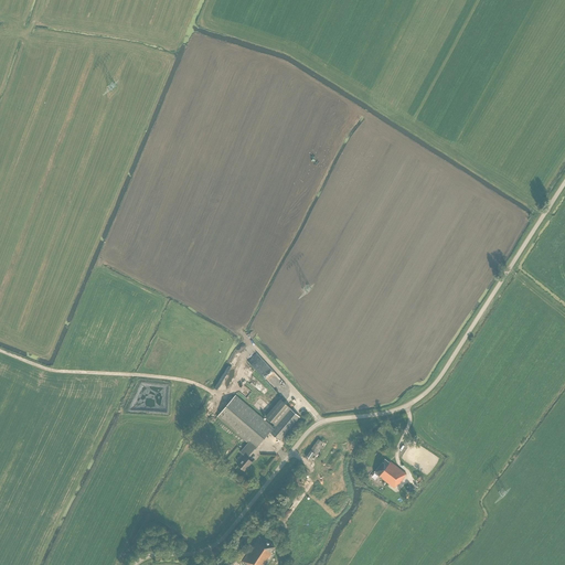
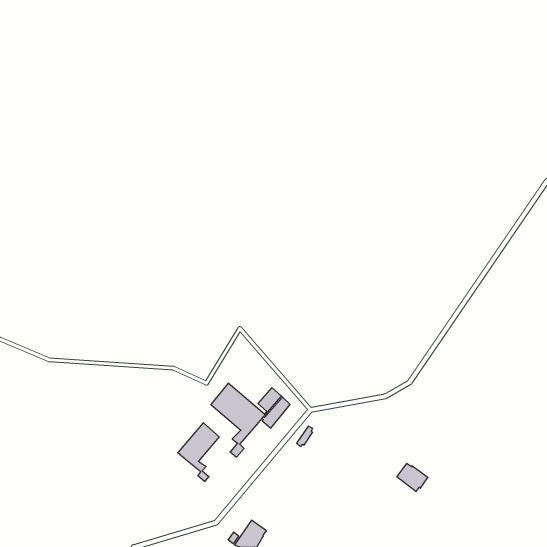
building: none -> [178,423,219,481]
building: [374,459,406,488] -> [397,464,428,491]

